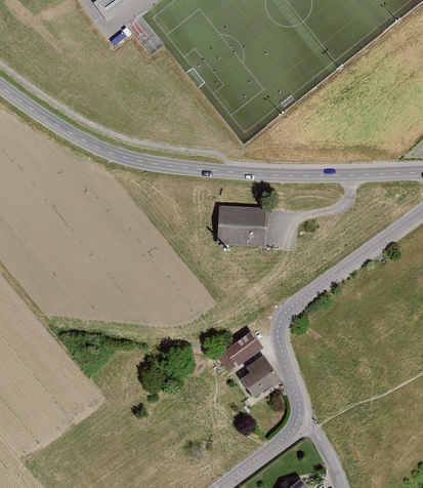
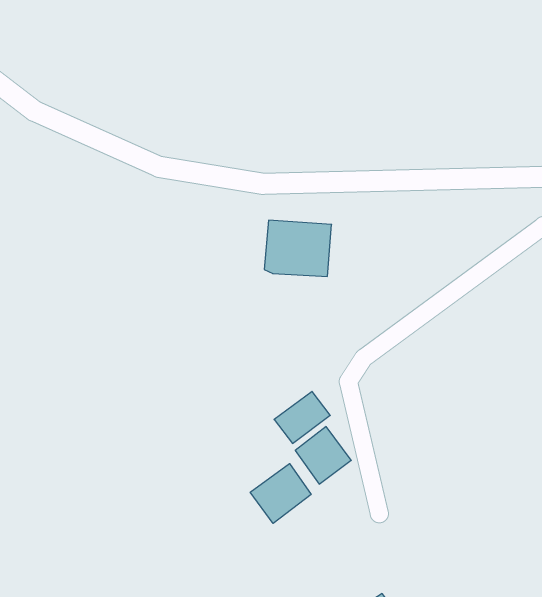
building: none -> [250,464,311,523]

